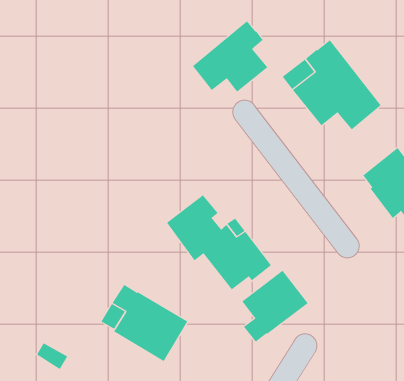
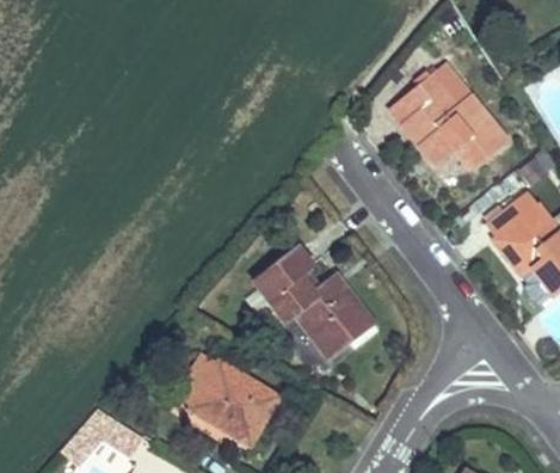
building: [192,21,268,92] -> none
building: [242,270,309,342] -> none

